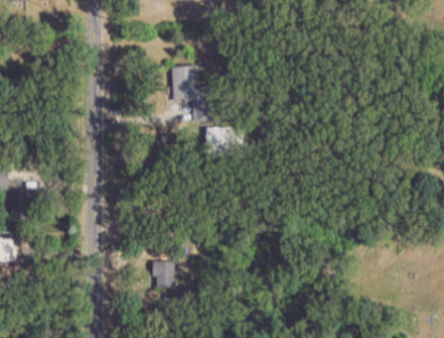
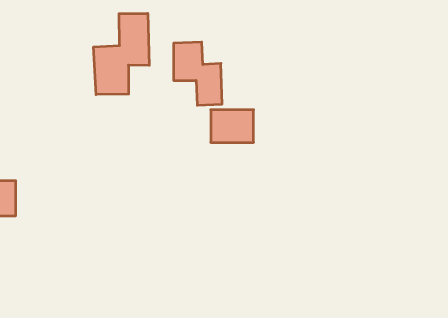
building: none -> [94,13,149,95]
building: [155,261,173,288] -> none

